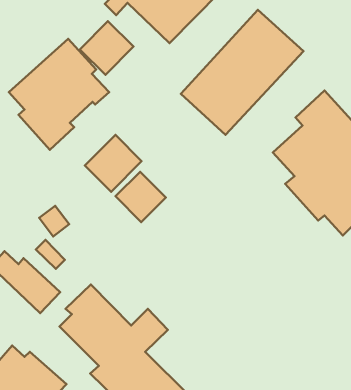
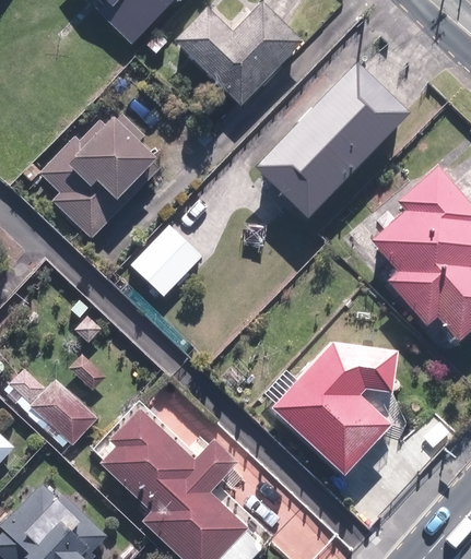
building: [80,21,133,75] -> none
building: [115,172,166,222] -> none
building: none -> [276,338,401,468]

